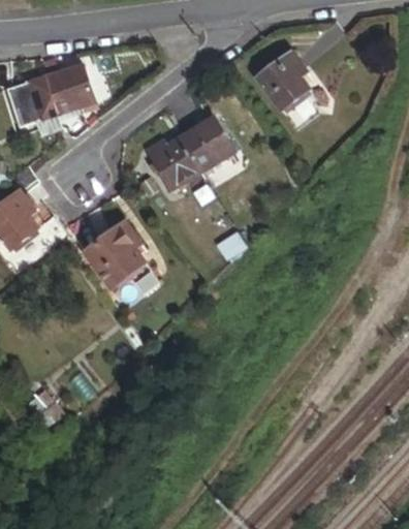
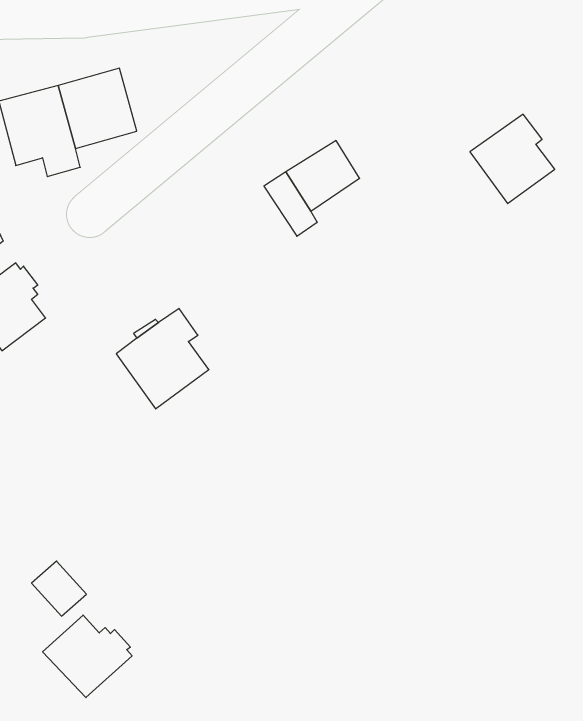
building: [257,53,313,112] -> [470,114,555,204]
building: [148,141,202,192] -> none
building: none -> [43,615,132,698]

